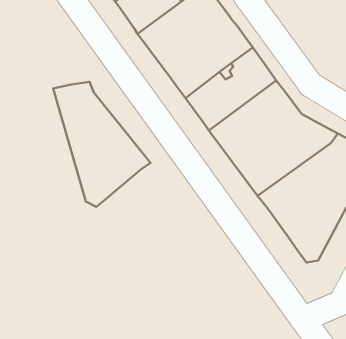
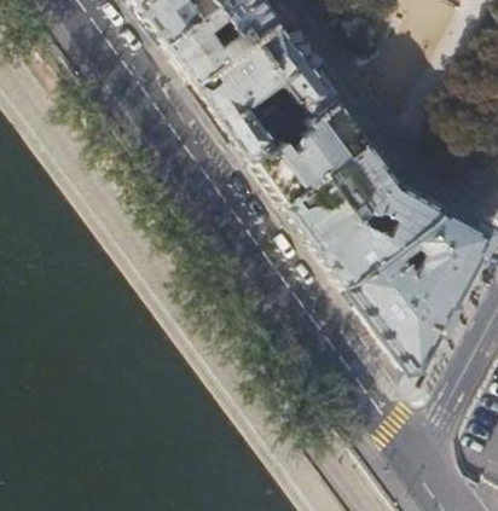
building: [53,82,151,207] -> none

